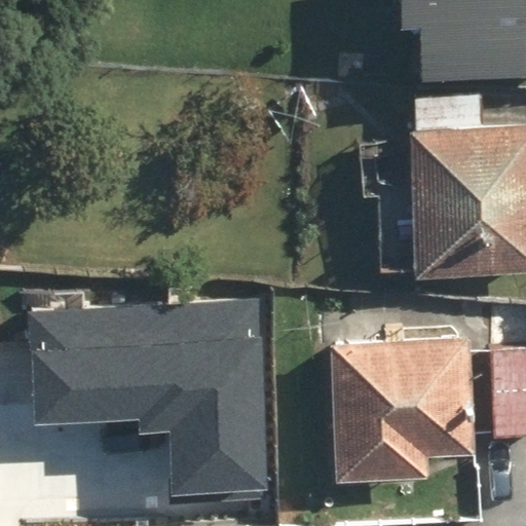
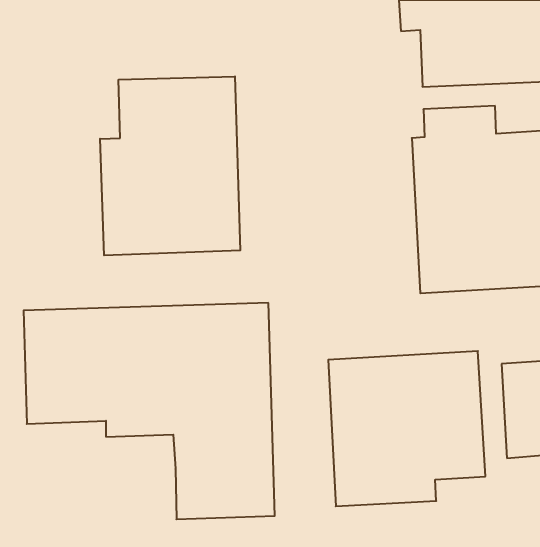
building: none -> [100,76,240,255]

